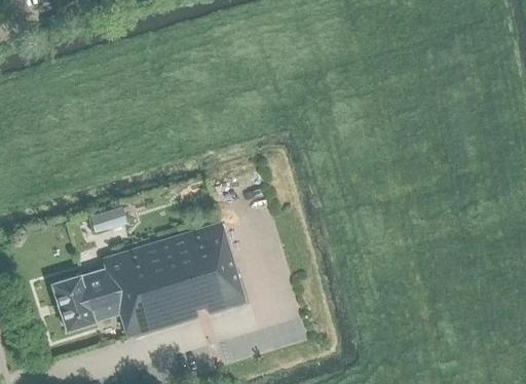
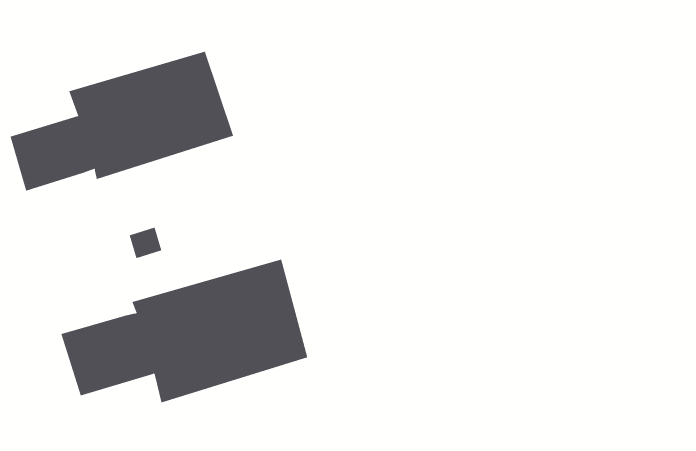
building: none -> [10,51,234,192]

